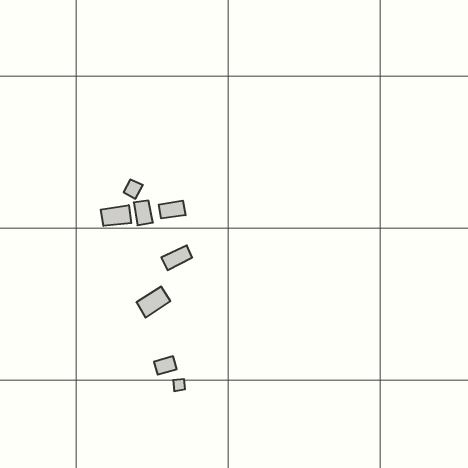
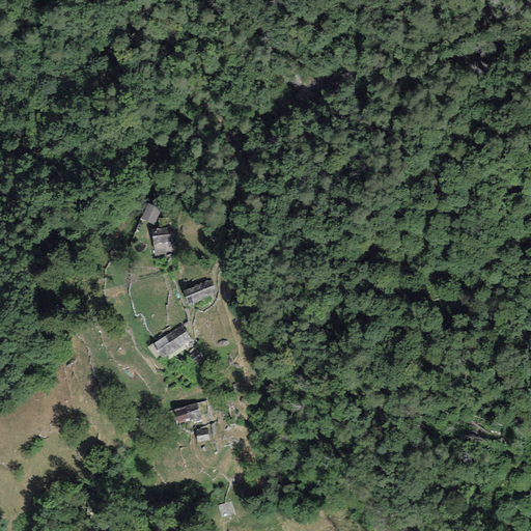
building: [159,201,186,218] -> none
building: [101,205,131,226] -> none

